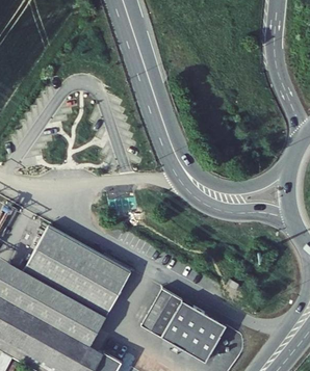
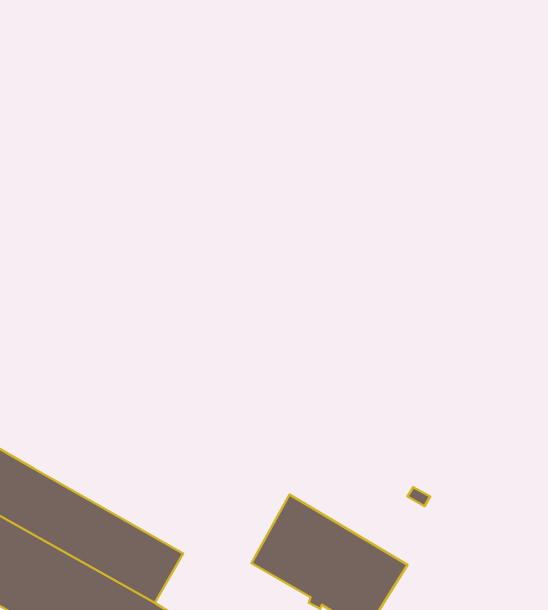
building: [23,230,132,322] -> none

